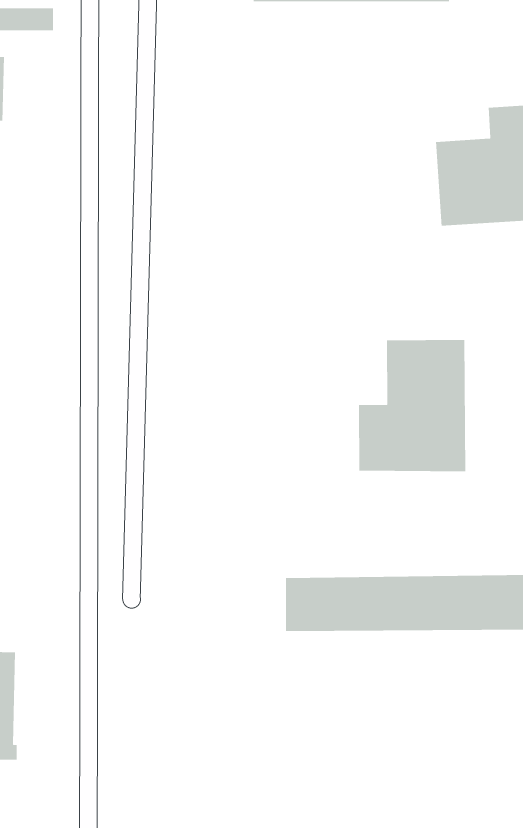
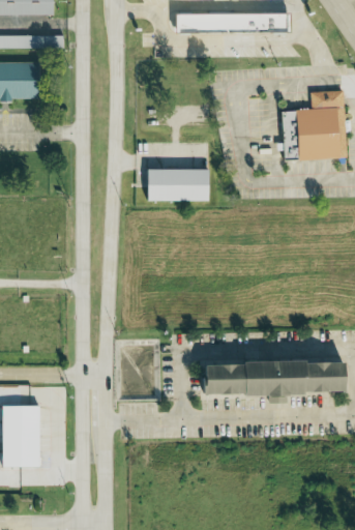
building: none -> [149,169,209,201]
building: [358,339,466,472] -> none

